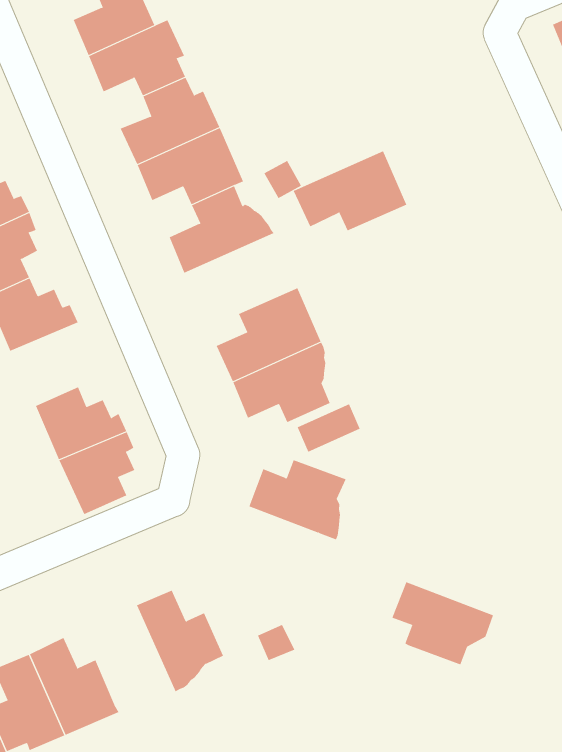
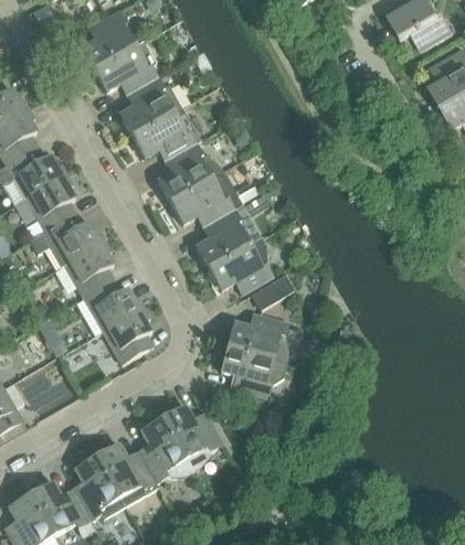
building: [293,151,407,231] -> [169,169,243,223]
building: none -> [63,239,113,296]
building: [392,582,494,665] -> [220,345,285,395]
building: none -> [139,416,192,481]

